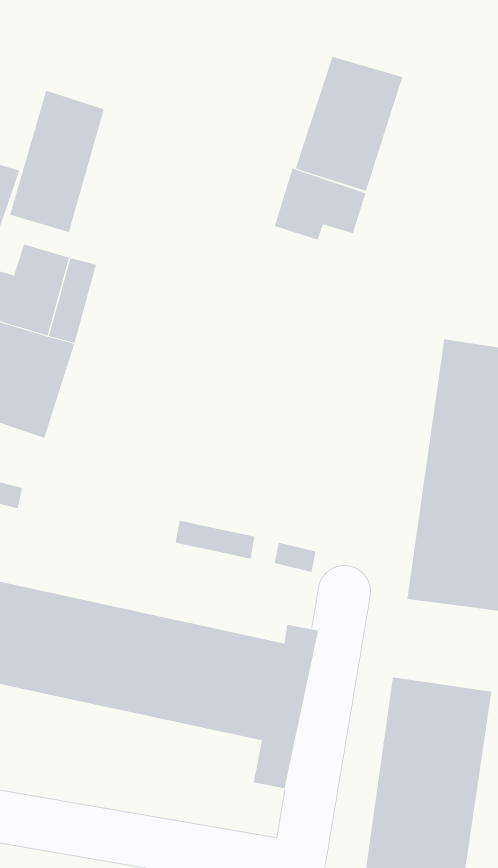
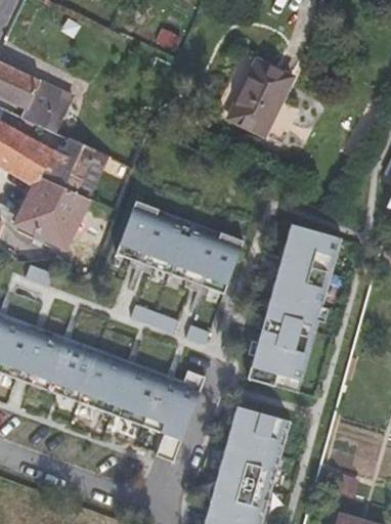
building: [10,90,105,233] -> none
building: [274,168,366,241] -> none
building: none -> [101,195,240,294]

